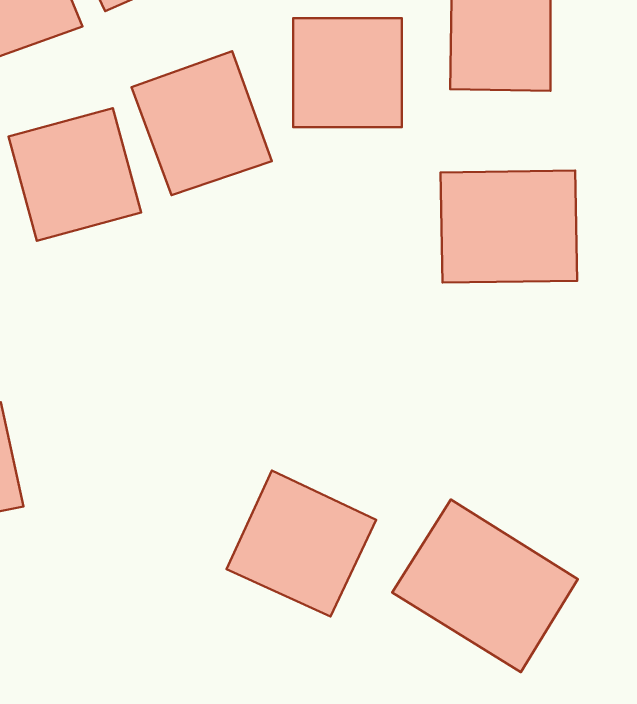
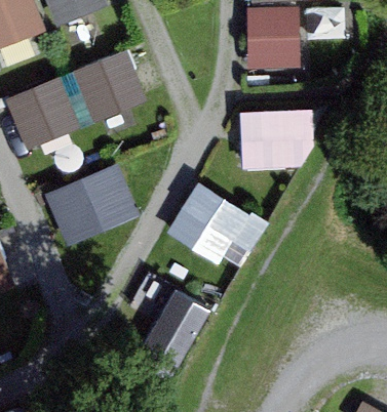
building: [293,18,402,127] -> none
building: none -> [52,169,130,238]
building: [392,500,578,672] -> [166,182,267,276]

